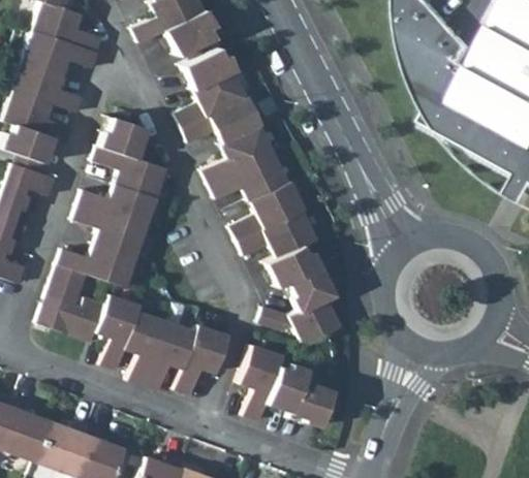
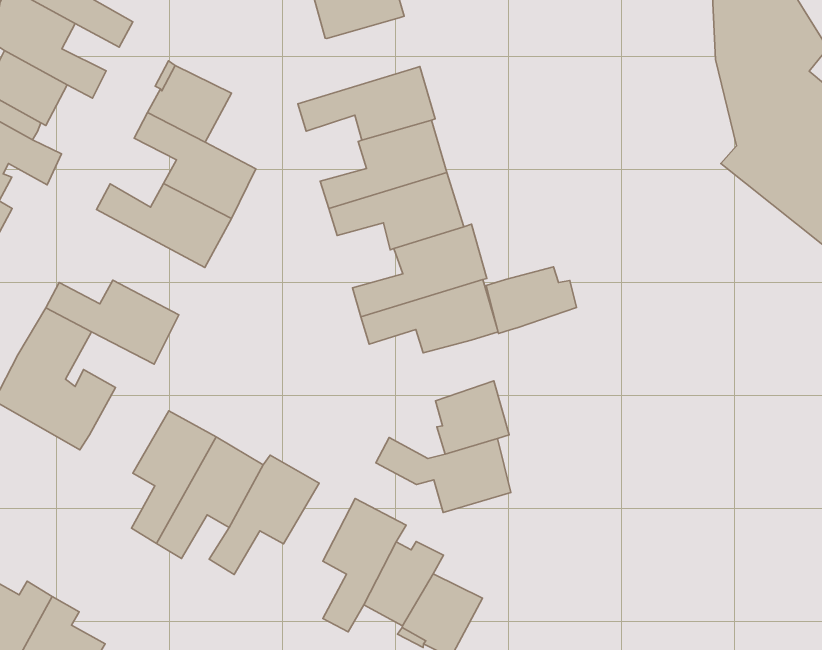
building: [177,70,247,128] -> none
building: [75,205,147,257] -> none
building: [267,245,319,287] -> [486,267,577,334]
building: [97,294,142,371] -> none

